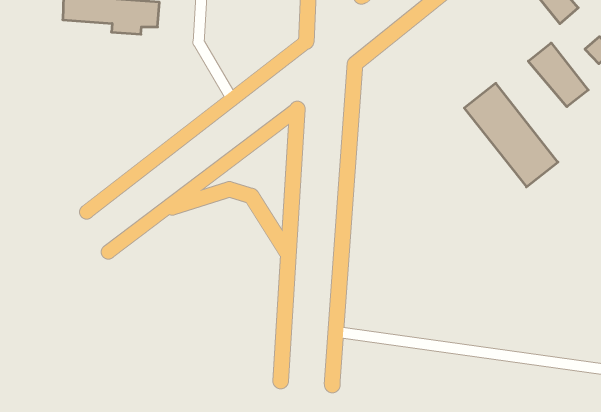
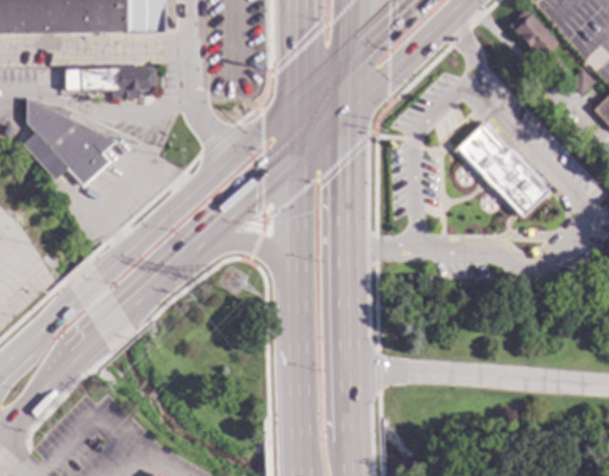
building: none -> [19,98,113,183]
building: [528,43,588,107] -> none

